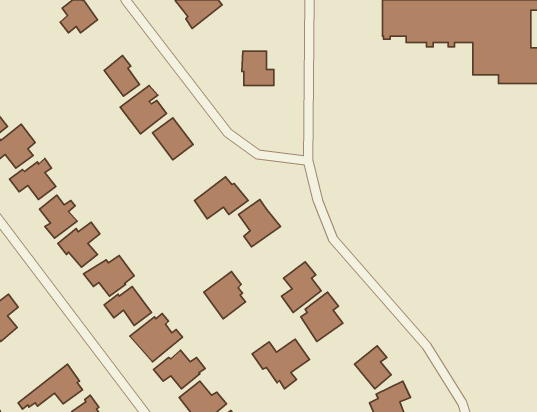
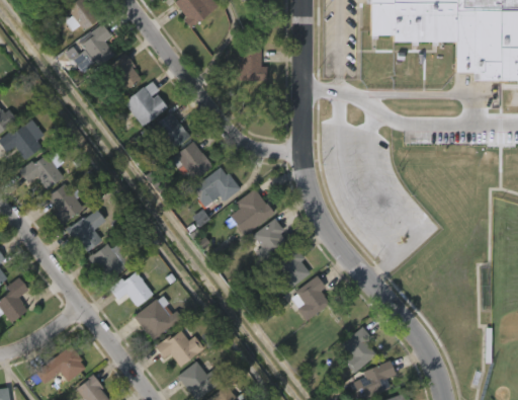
building: none -> [64,22,114,73]
building: none -> [174,141,212,180]
building: [204,272,246,319] -> [251,219,290,263]
building: [252,339,310,389] -> none

